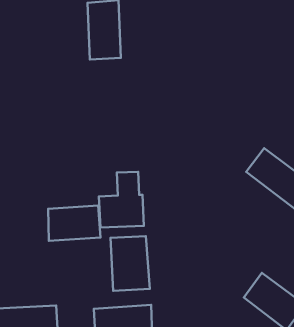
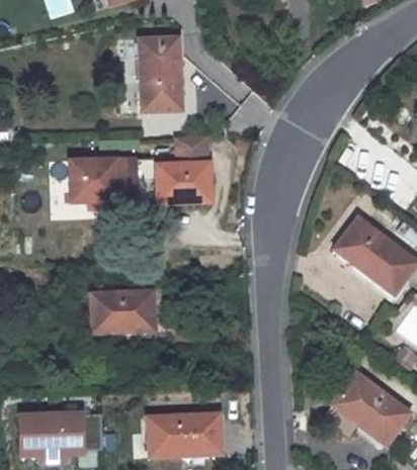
building: none -> [70,157,138,205]
building: [99,172,144,228] -> [156,133,212,202]
building: [110,236,150,291] -> none

